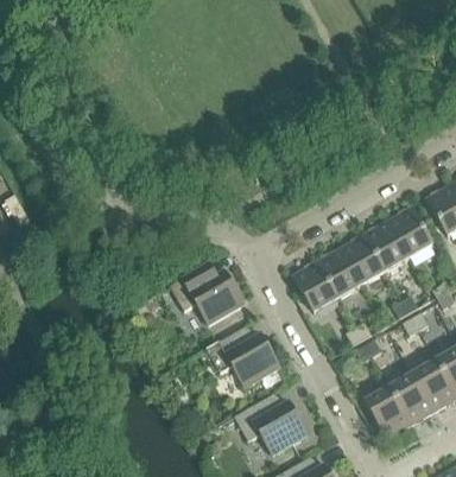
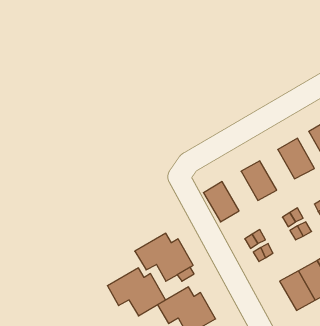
building: [365,220,408,271] -> none
building: [317,247,362,297] -> none
building: [170,262,243,323] -> [107,268,166,316]
building: [366,386,411,437] -> none

